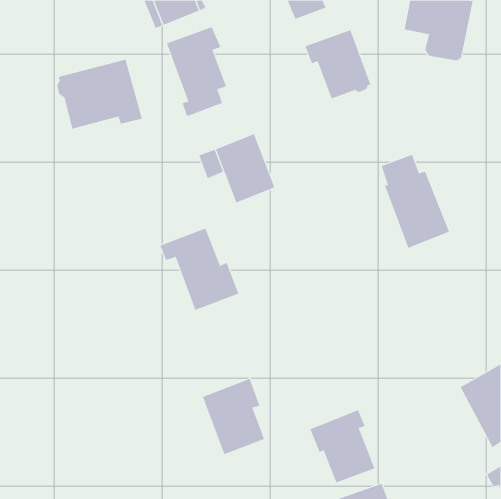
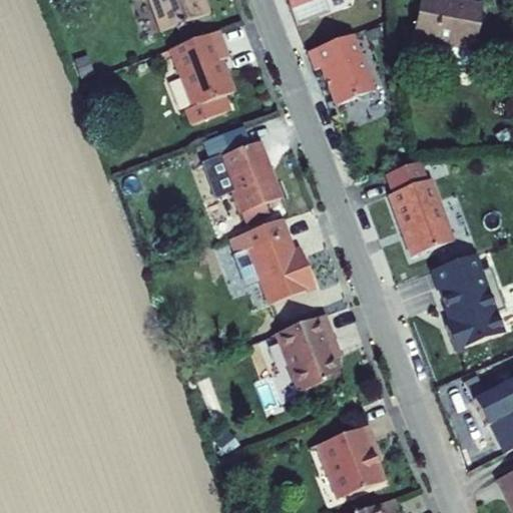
building: [57,59,142,129] -> none
building: [160,228,239,310] -> [233,216,315,301]
building: none -> [429,255,503,349]
building: [202,378,265,455] -> [277,311,341,389]

